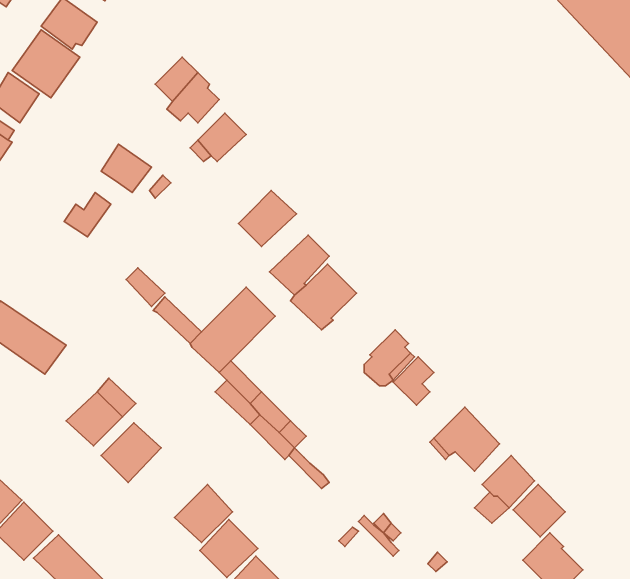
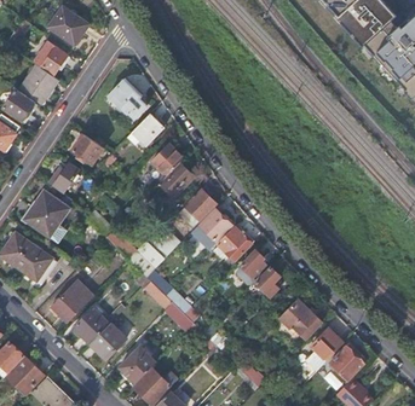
building: none -> [151,143,184,175]
building: none -> [24,190,69,243]
building: none -> [219,226,252,260]
building: none -> [90,323,126,359]

